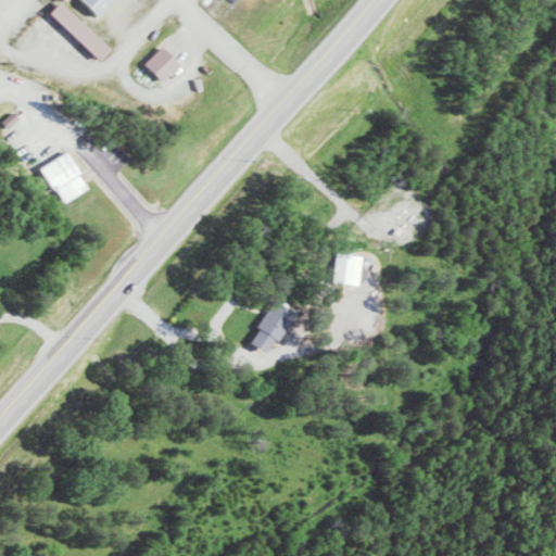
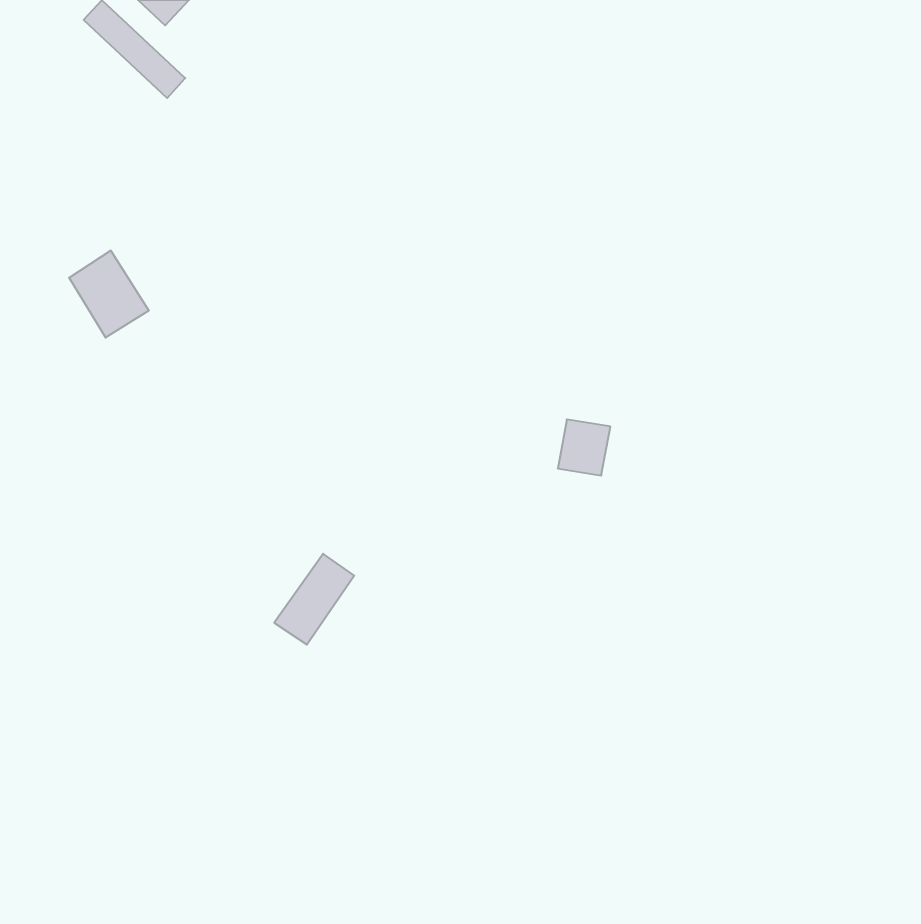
building: [143,47,180,83] -> none
building: [248,301,295,355] -> [274,554,354,645]

